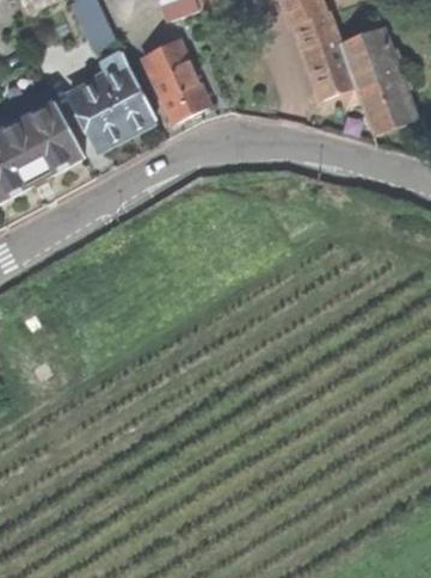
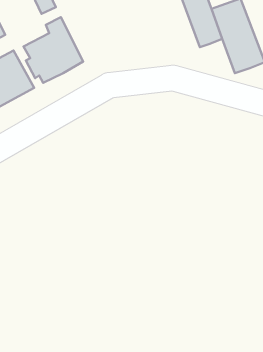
building: [143,39,207,119] -> none

